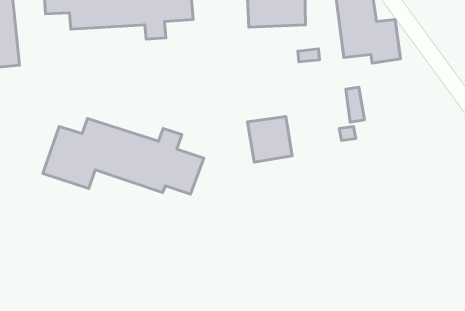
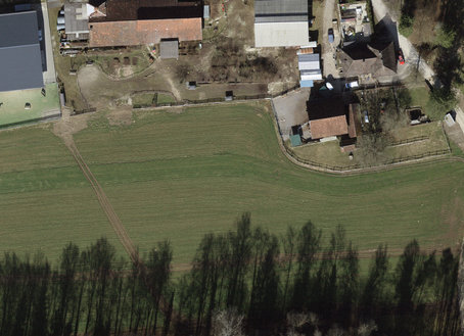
building: [247,116,292,162] -> [306,96,347,139]
building: [43,119,204,194] -> none

